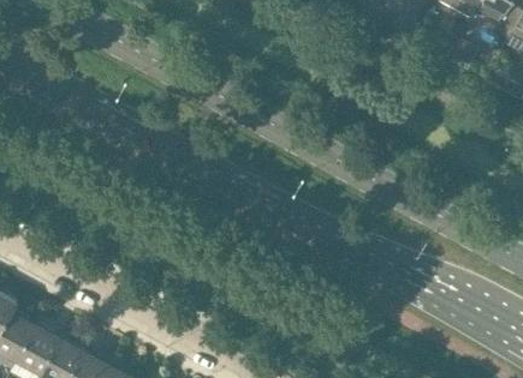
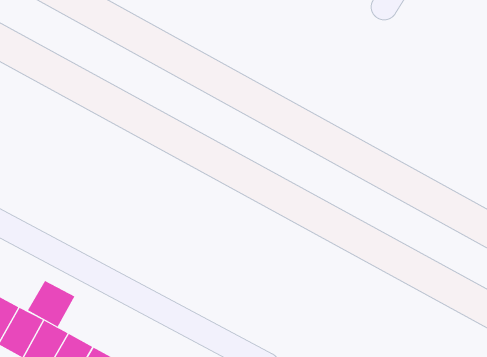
building: none -> [27,280,75,327]

